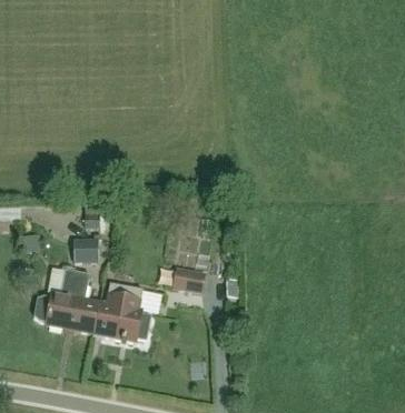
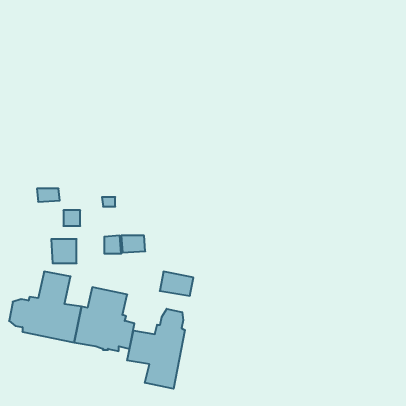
building: none -> [127,309,185,389]

